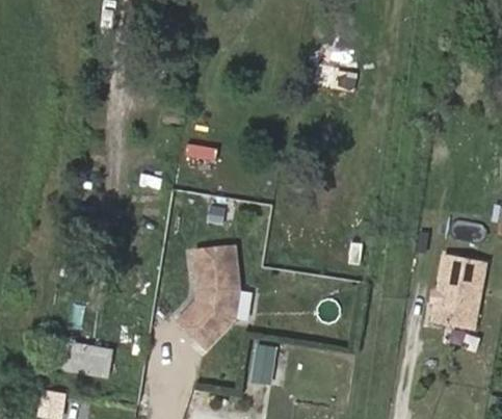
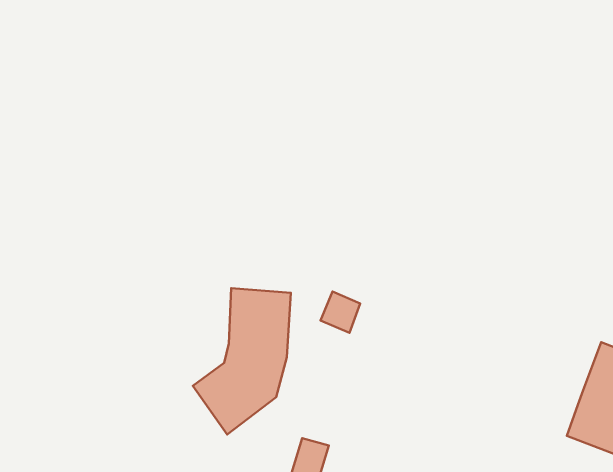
building: [64,343,113,375] -> none

